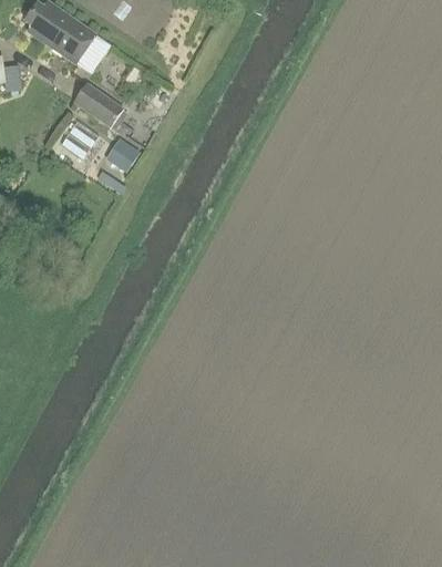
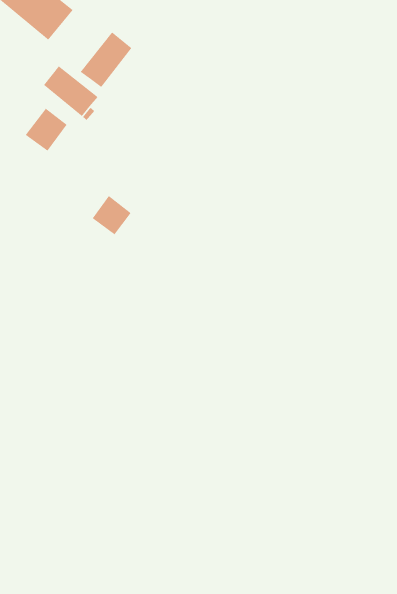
building: none -> [80,32,132,88]
building: [105,137,140,172] -> [92,195,132,235]

